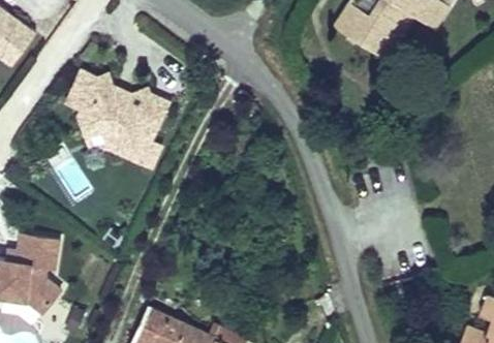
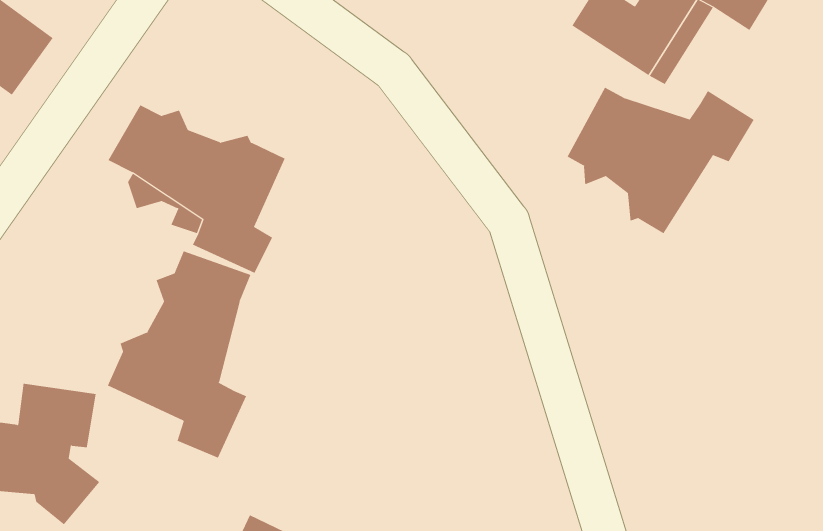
building: none -> [567,87,754,234]
building: none -> [107,250,251,459]

